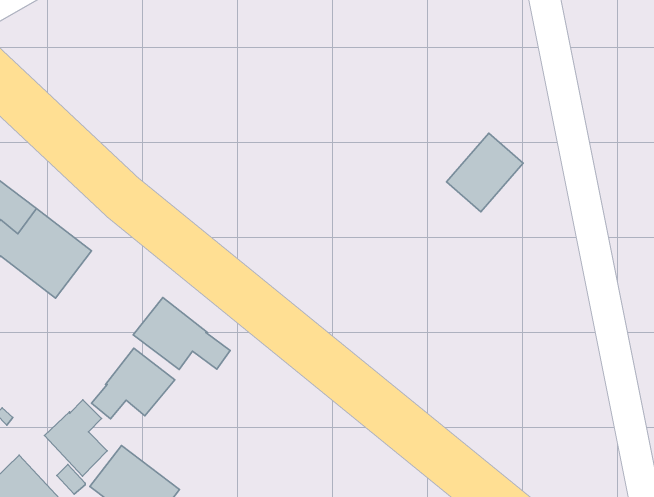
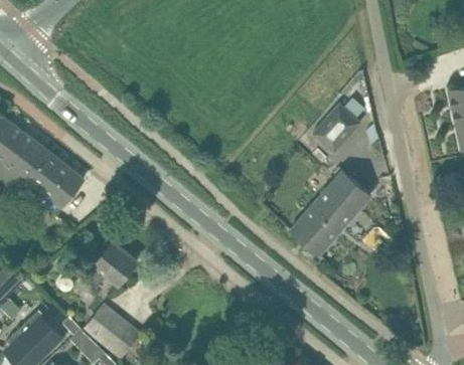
building: none -> [290,172,371,256]
building: [133,297,230,370] -> none
building: [44,400,107,476] -> none

